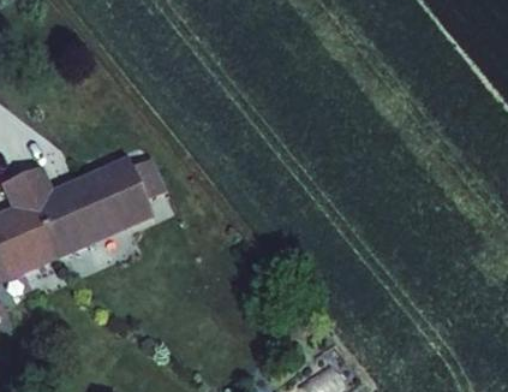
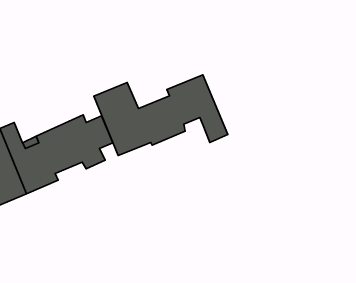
building: none -> [94,75,228,156]

